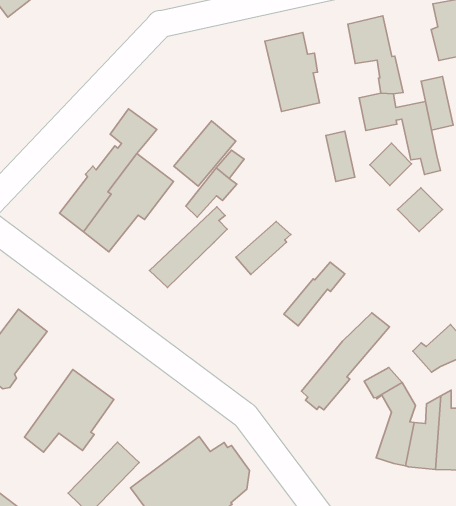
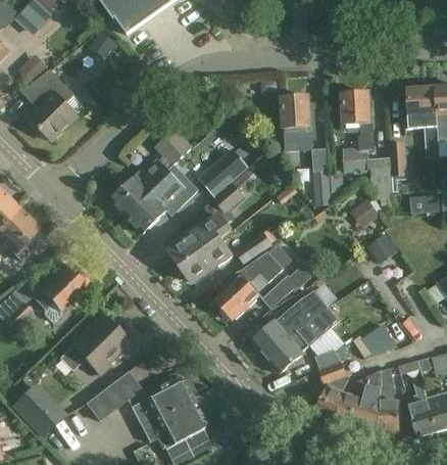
building: none -> [182,237,233,280]
building: none -> [215,252,283,317]
building: none -> [252,288,328,356]

